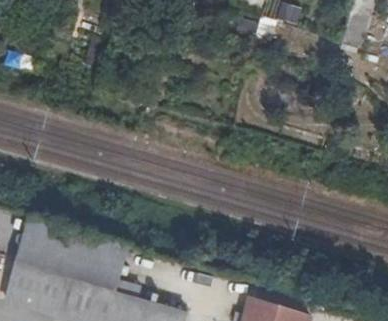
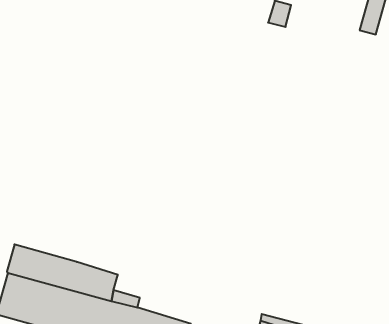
building: [21,218,123,268] -> none

